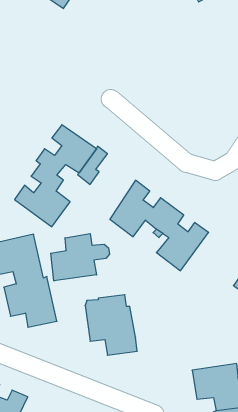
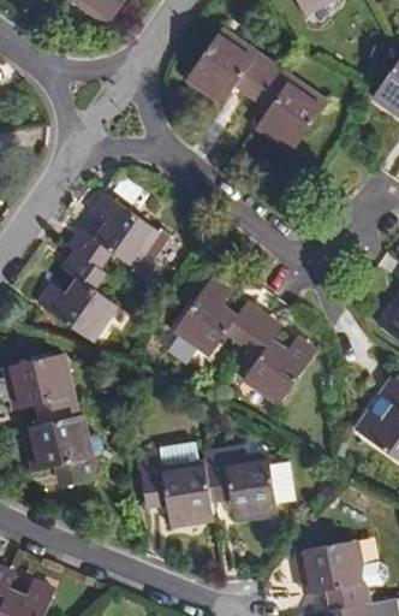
building: none -> [189,26,327,153]
building: [51,234,109,281] -> none
building: none -> [203,443,294,522]

